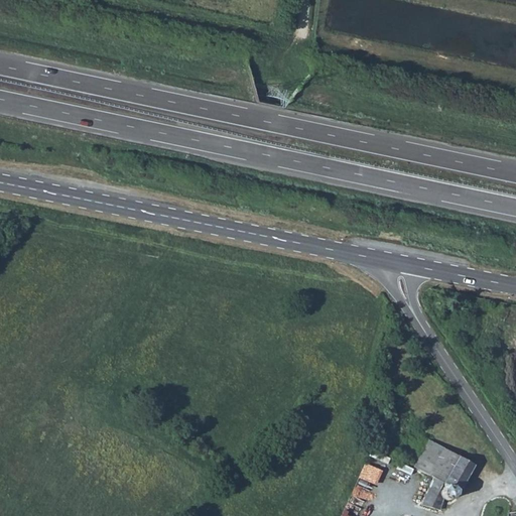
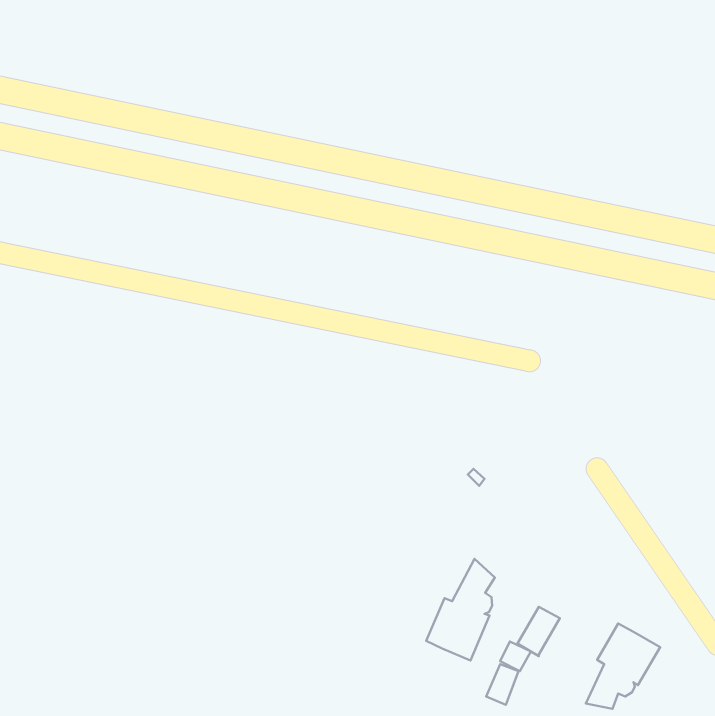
building: none -> [426,559,495,660]
building: [415,439,445,475] -> [518,607,560,656]

